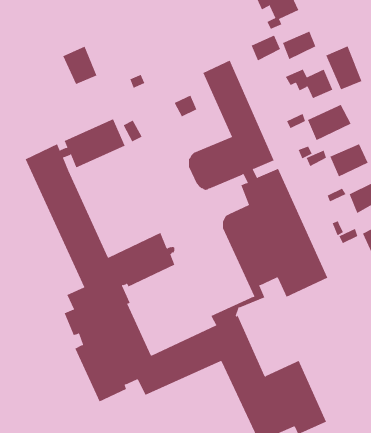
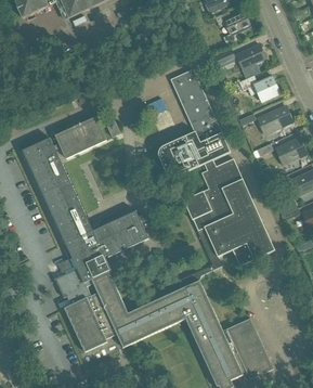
building: [326,45,362,90] -> none
building: [63,46,97,85] -> none

